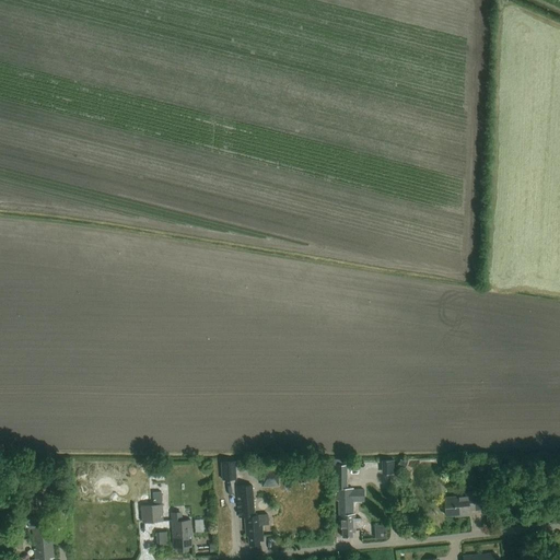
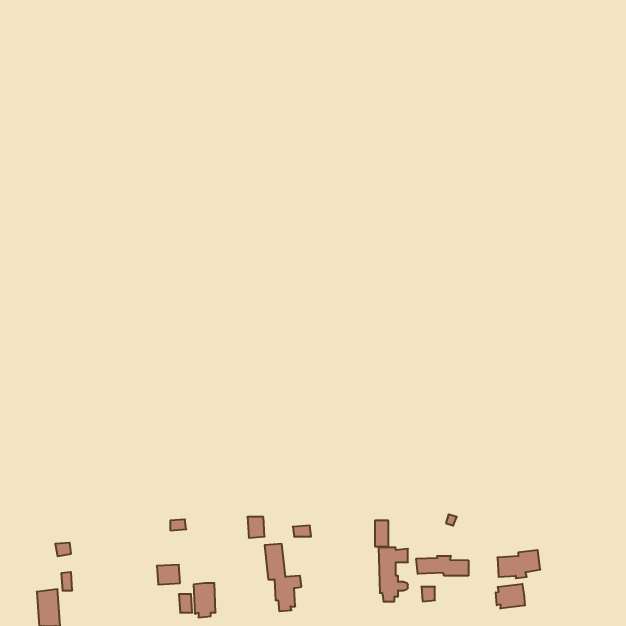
building: none -> [416,556,468,576]
building: none -> [496,584,525,609]

